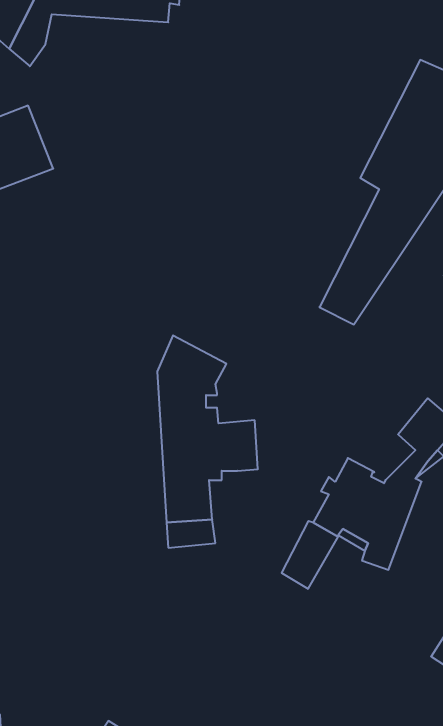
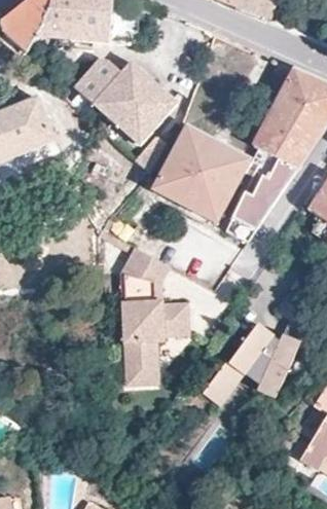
building: none -> [74,56,178,142]
building: none -> [155,126,252,221]

